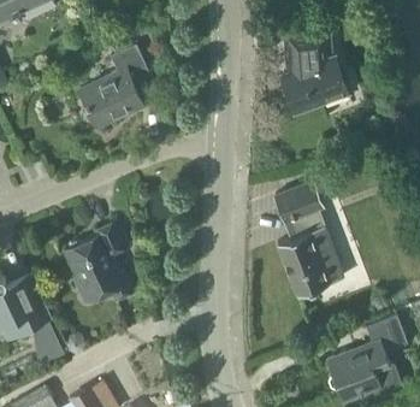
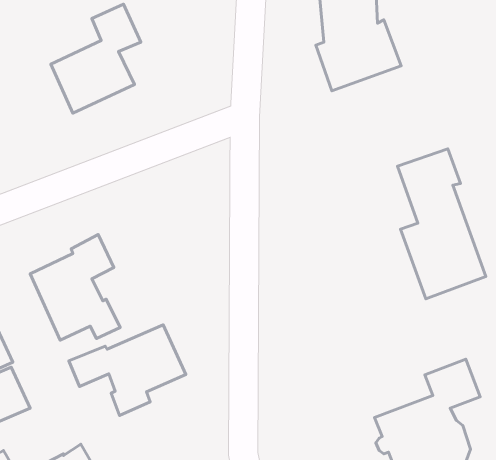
building: [274,182,342,296] -> [397,149,486,299]
building: none -> [69,325,186,415]

